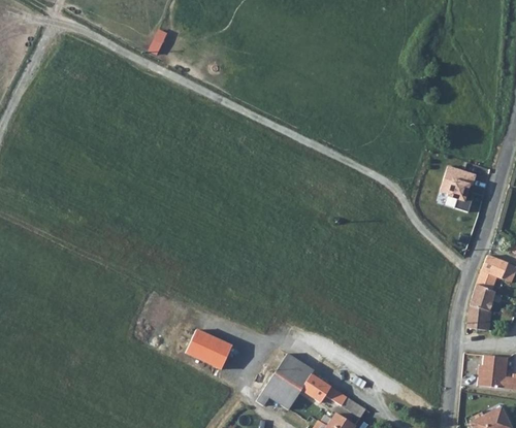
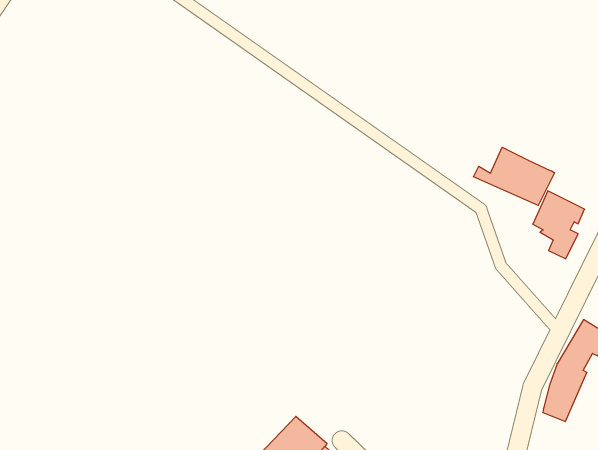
building: none -> [473,147,555,205]
building: [187,328,235,370] -> none

